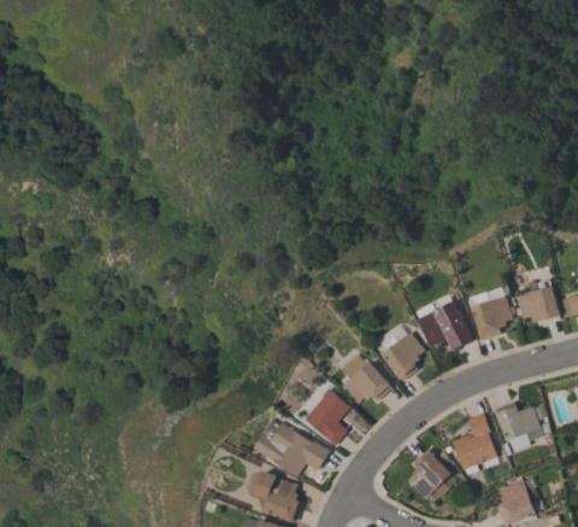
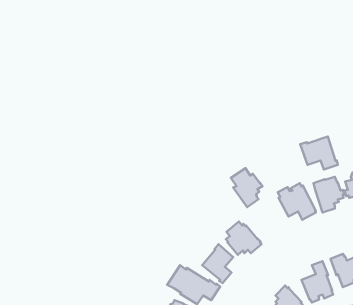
building: none -> [300,136,338,170]
building: [378,323,425,381] -> [231,168,263,207]

